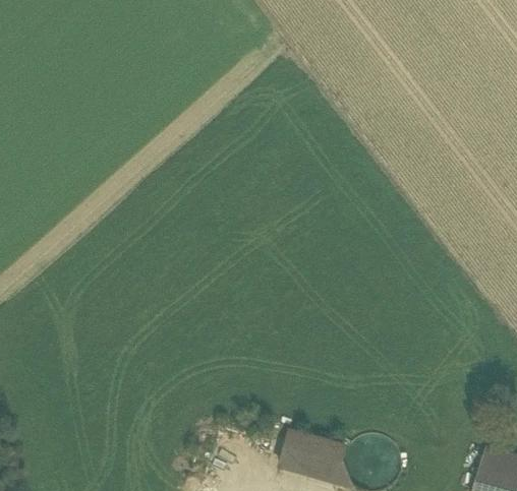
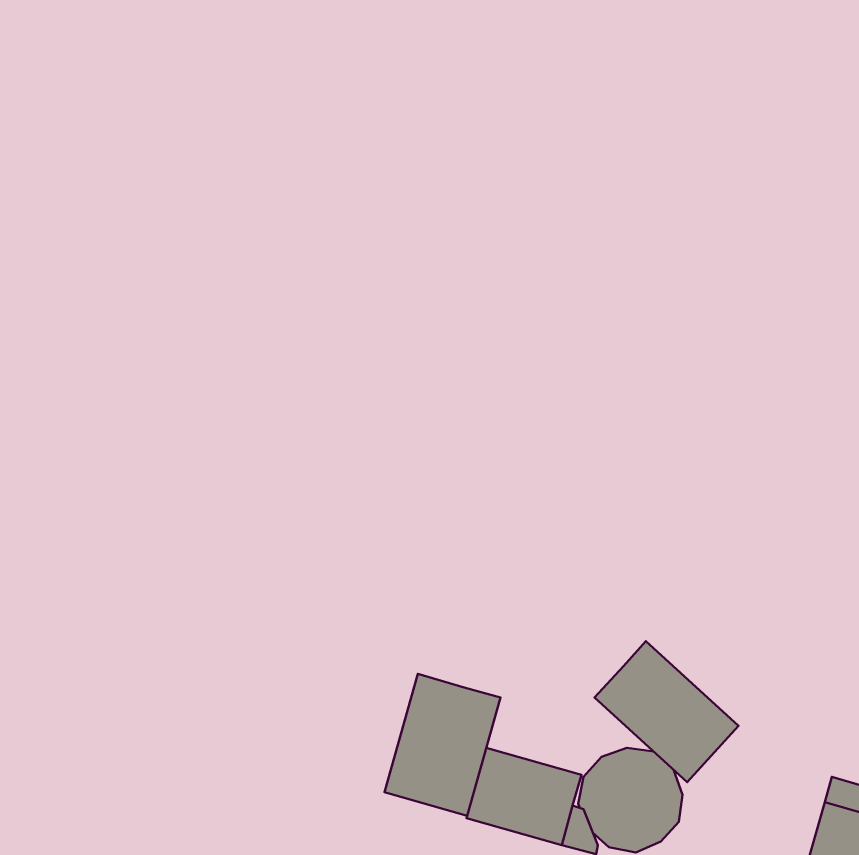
building: none -> [594,641,739,782]
building: none -> [385,674,501,816]

